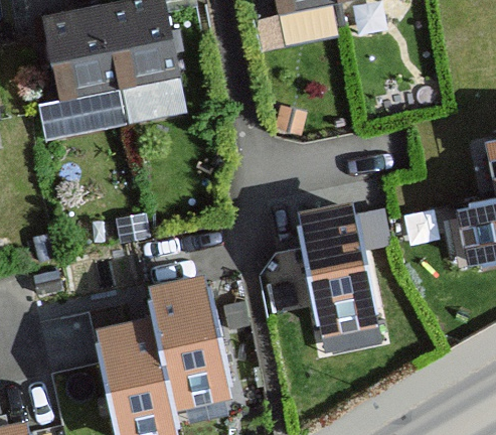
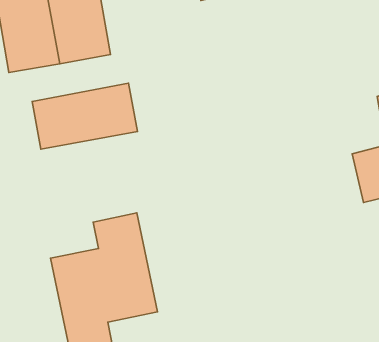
building: none -> [32,83,137,149]
building: [301,205,374,334] -> none

